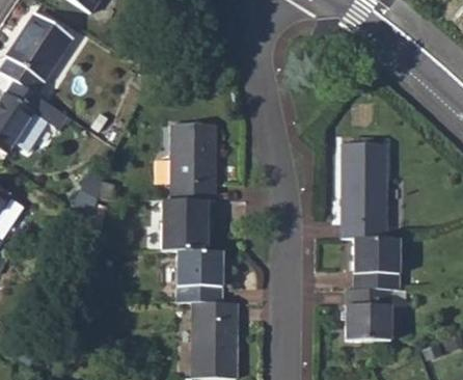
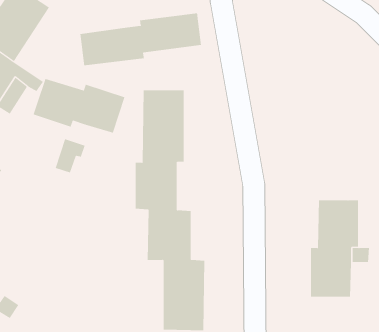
building: none -> [80,13,202,66]
building: none -> [33,78,125,134]
building: [343,141,387,240] -> none

